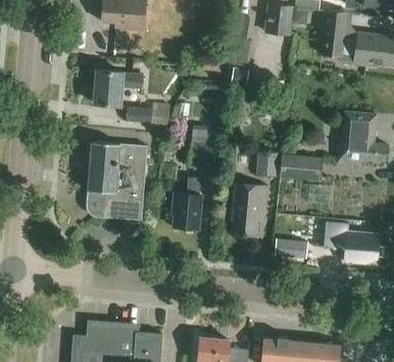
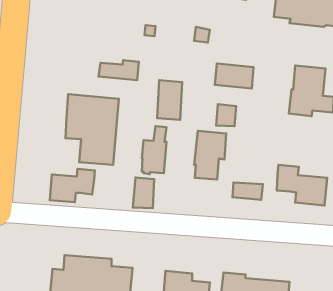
building: [94,69,143,105] -> none
building: [279,154,322,182] -> [215,64,254,88]
building: none -> [50,169,95,202]
building: none -> [133,178,154,208]

